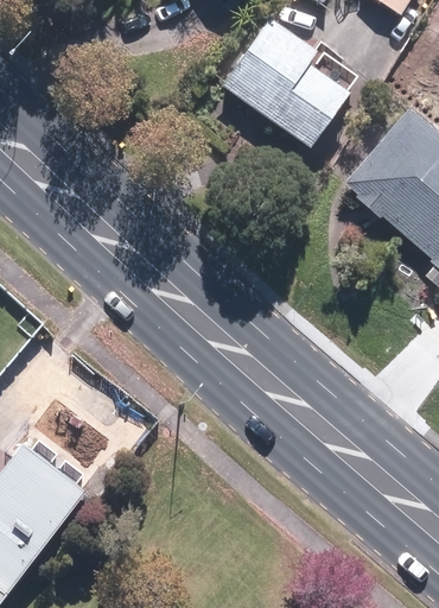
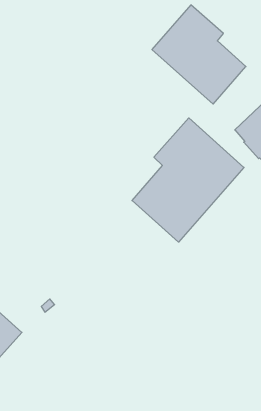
building: none -> [132,118,244,242]

